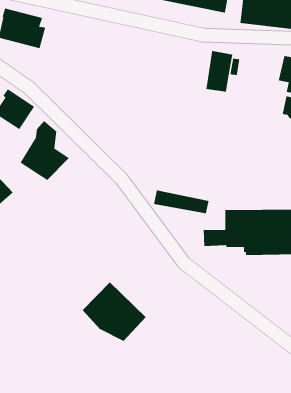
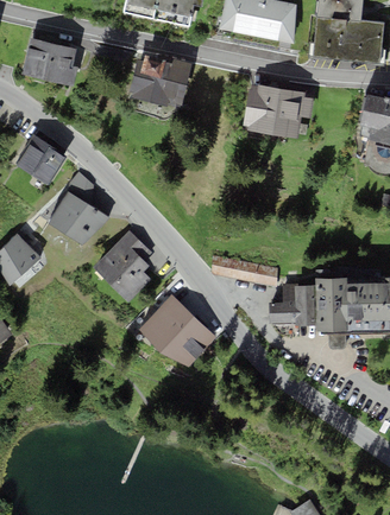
building: none -> [128,53,191,108]
building: none -> [243,84,279,135]
building: none -> [94,231,151,301]
building: [82,281,146,342] -> [139,294,216,367]

